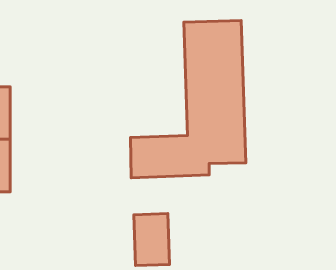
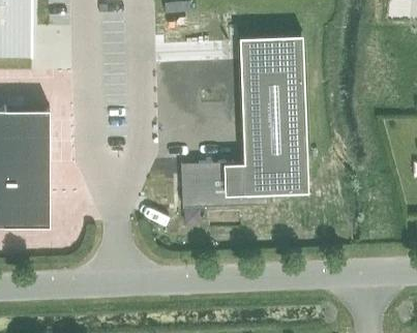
building: [134,214,169,265] -> none

